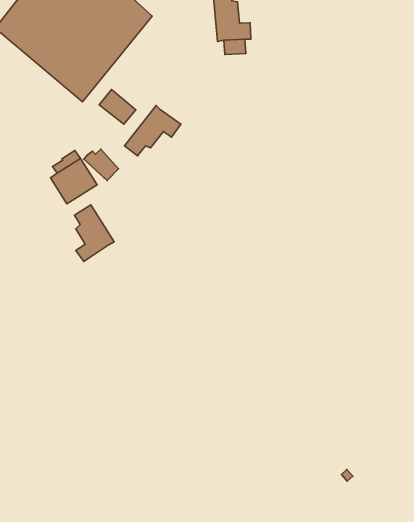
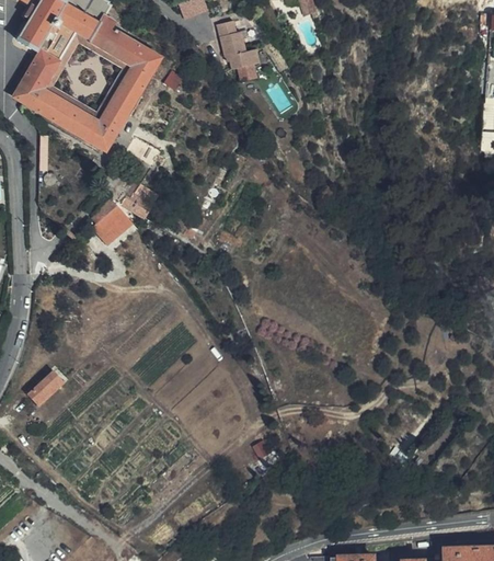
building: [124,106,181,156] -> none
building: [74,205,114,262] -> none

